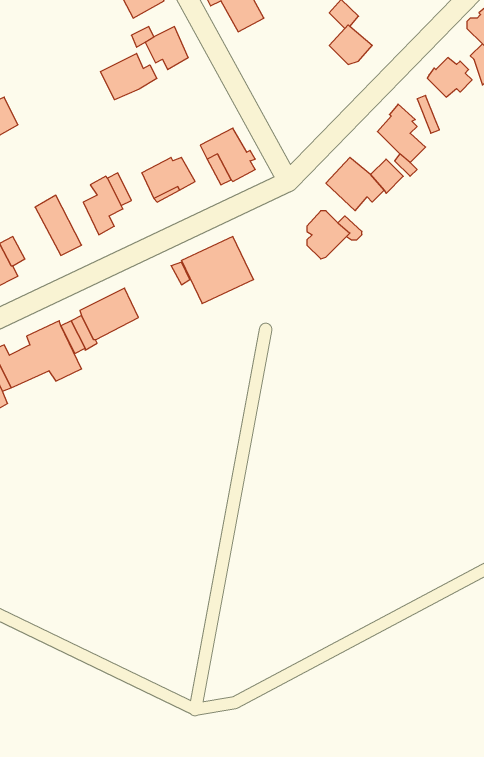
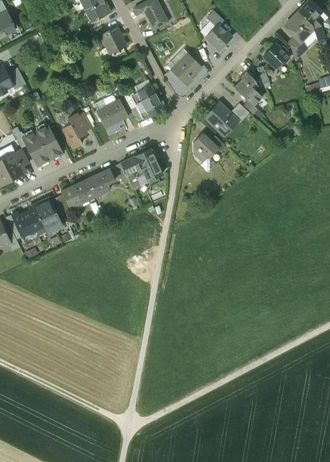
building: [100,53,157,100] -> none
building: none -> [171,52,201,85]
building: none -> [23,131,50,165]
building: none -> [87,167,115,195]

